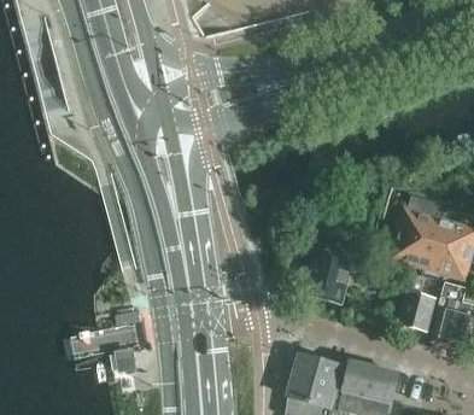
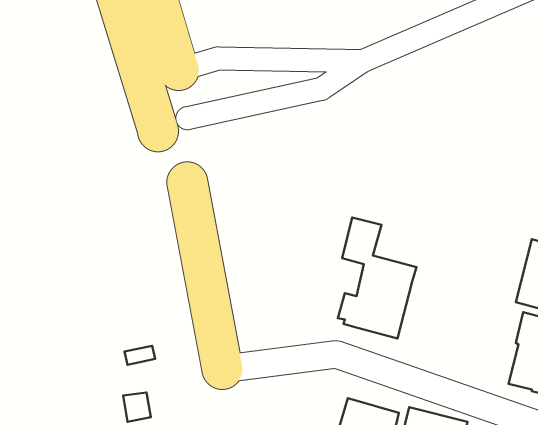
building: [391,206,452,271] -> none
building: [399,271,437,329] -> none

